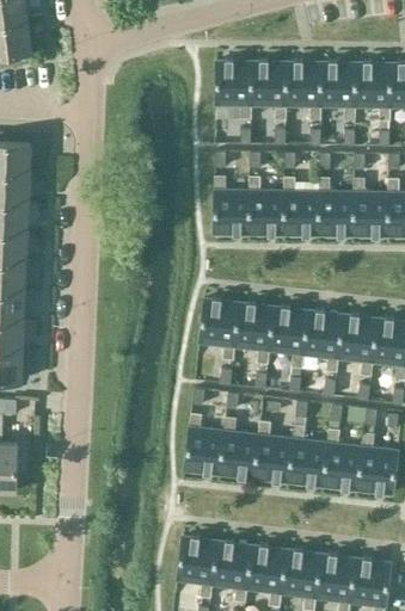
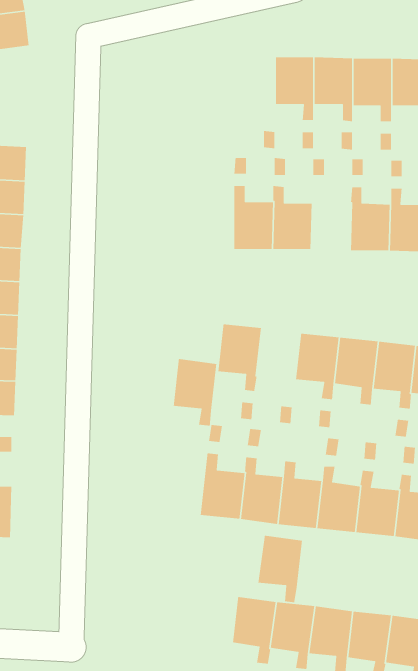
building: [216,63,252,121] -> none
building: [284,179,320,236] -> none
building: [235,304,275,365] -> [173,358,217,427]
building: [178,538,219,599] -> [257,535,303,603]

